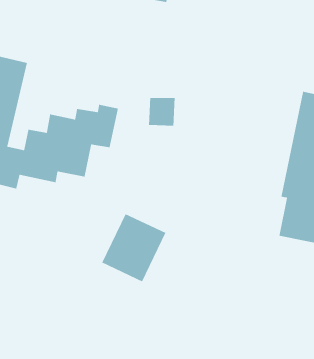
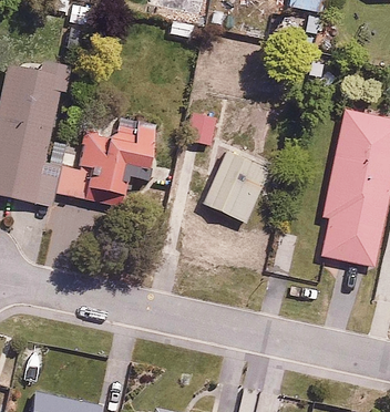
building: [101,213,166,283] -> [204,150,270,220]

